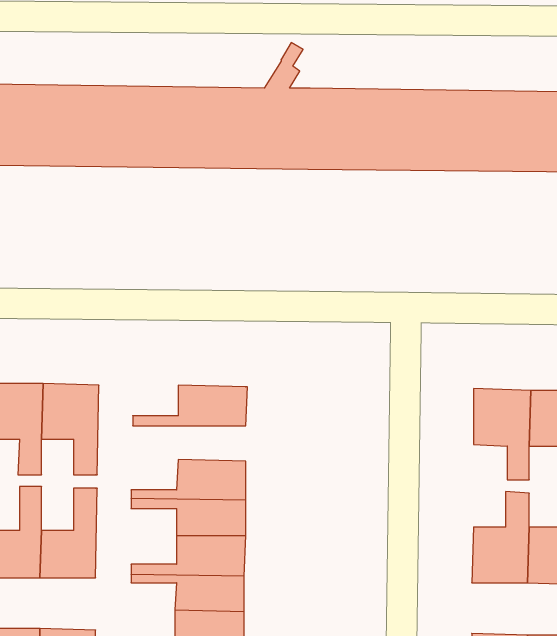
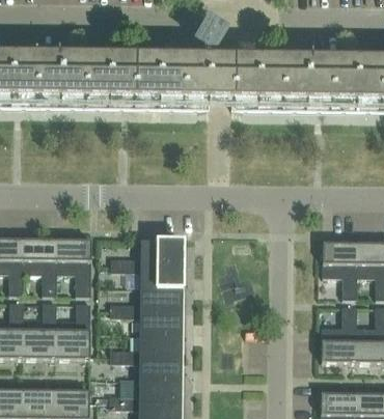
building: none -> [112,264,182,286]

